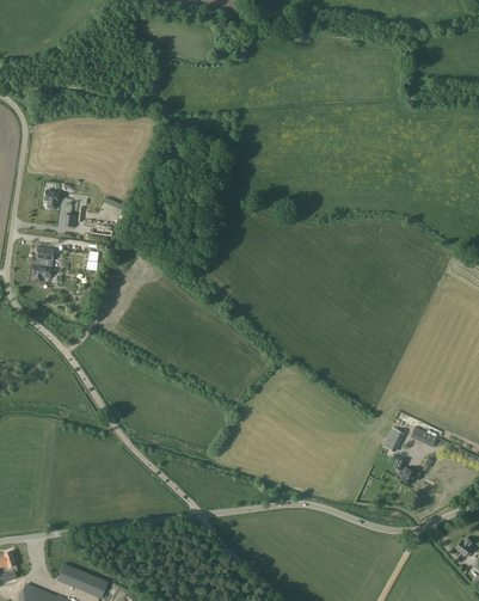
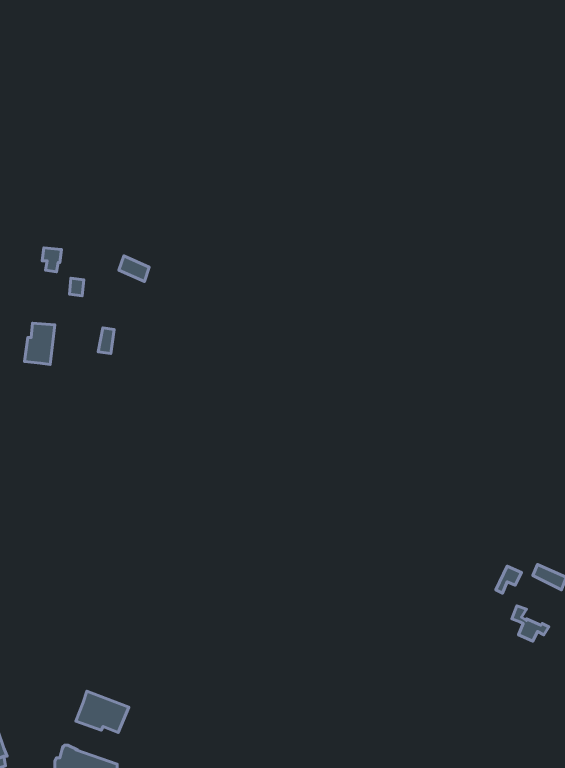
building: none -> [76,691,129,732]

